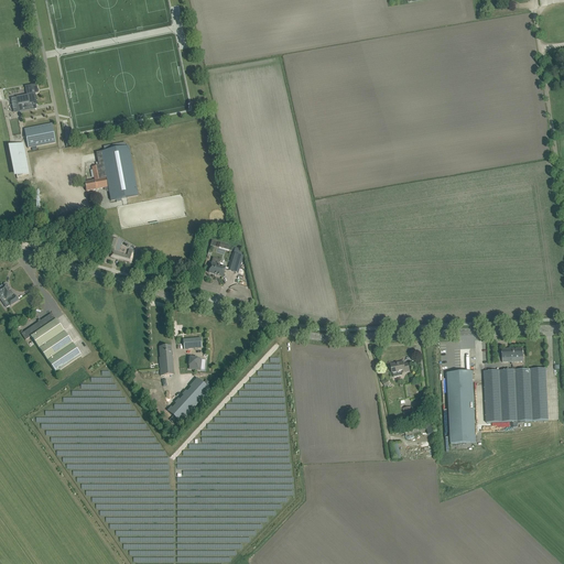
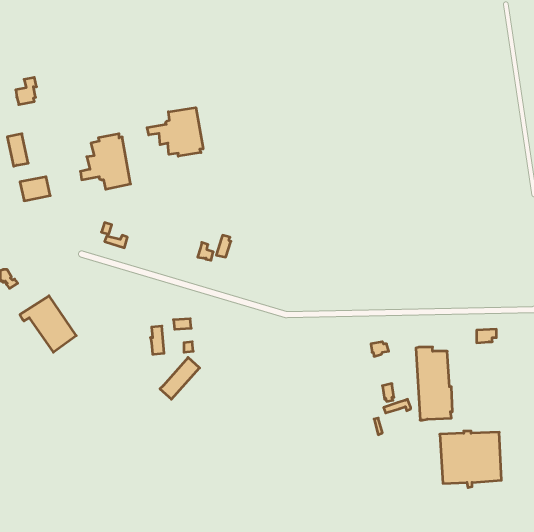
building: none -> [147,108,203,156]
building: [24,121,56,147] -> [20,177,50,201]
building: [484,367,549,426] -> [440,431,501,488]

